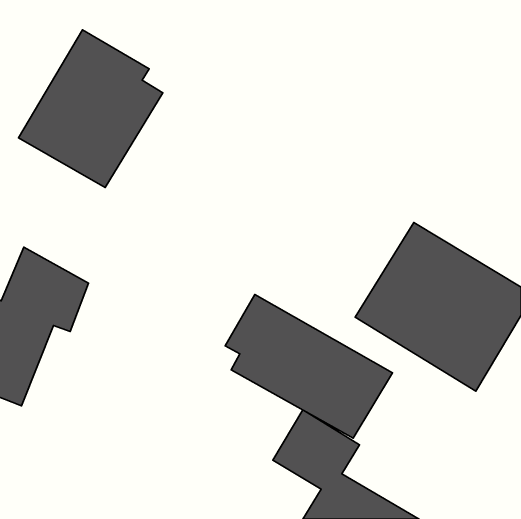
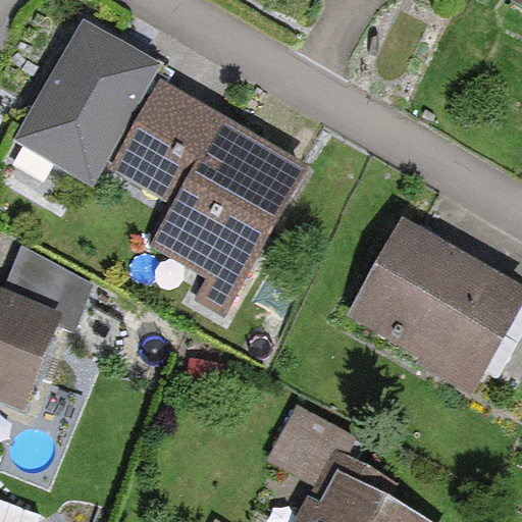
building: none -> [113,92,303,311]
building: [225,295,392,438] -> none

